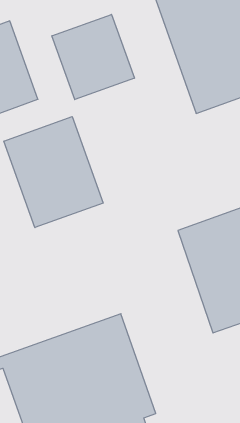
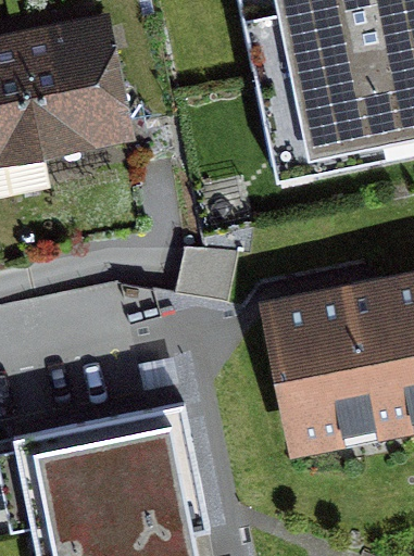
building: [52,14,134,100] -> none
building: [4,117,103,228] -> none

